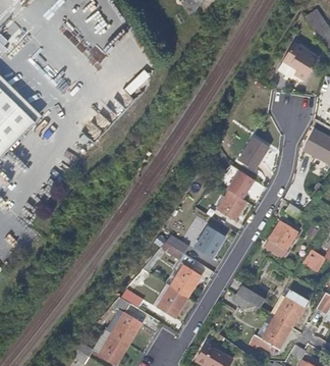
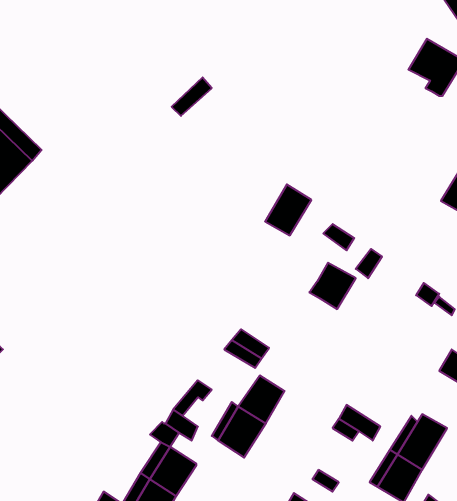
building: [238,137,269,170] -> [265,184,311,235]
building: [264,220,297,258] -> none
building: [195,227,224,259] -> none

